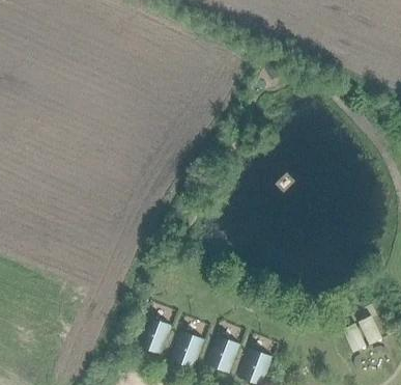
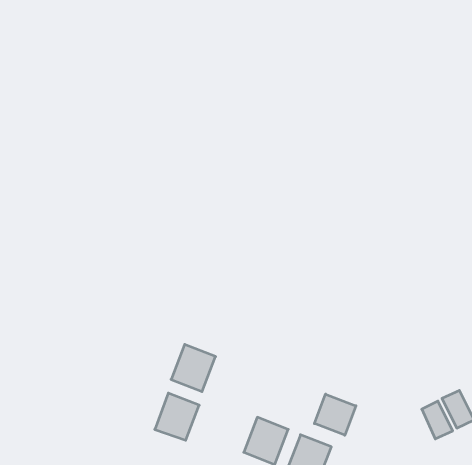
building: none -> [314,394,356,435]
building: [171,331,205,367] -> [171,344,216,392]

